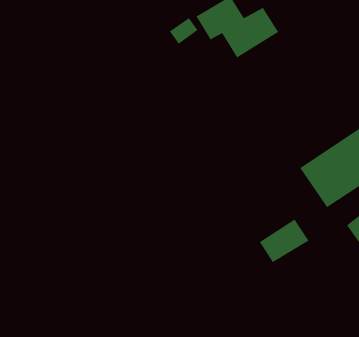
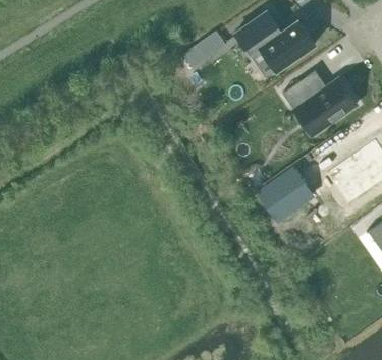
building: none -> [282,71,357,130]
building: [259,219,310,263] -> [267,170,316,213]

